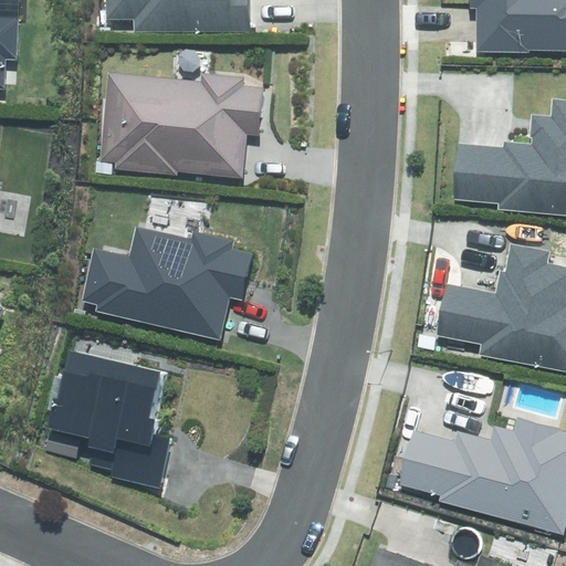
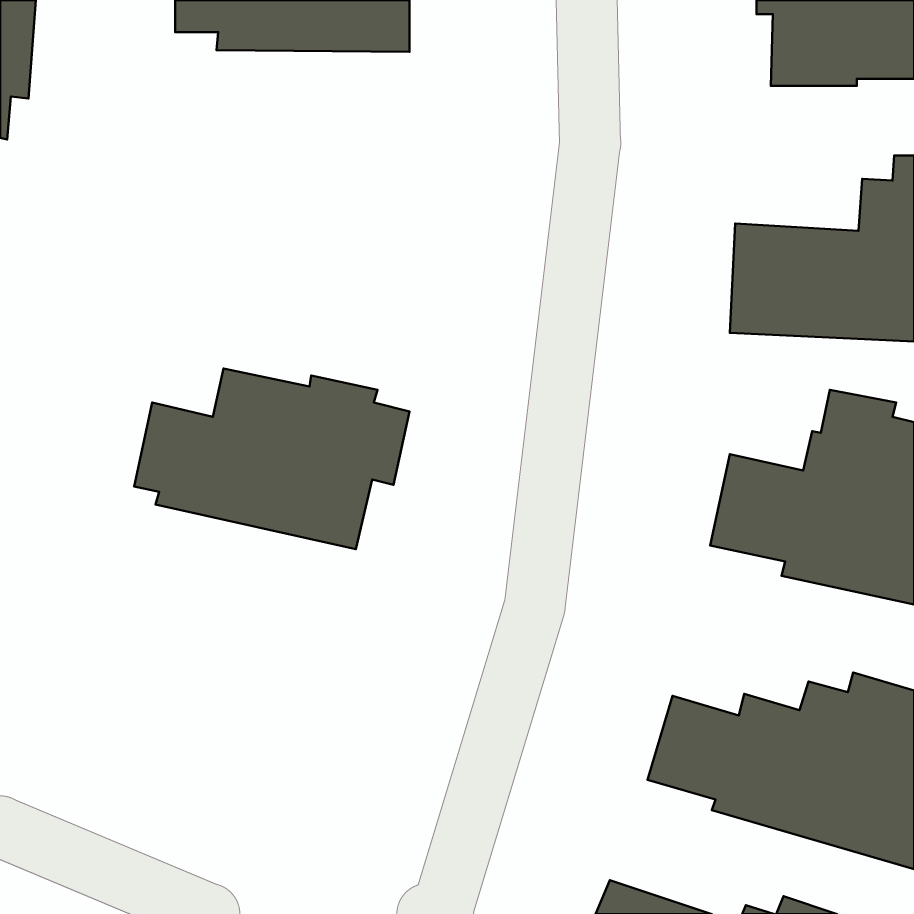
building: [96,73,265,178] -> none
building: [51,343,176,493] -> none

